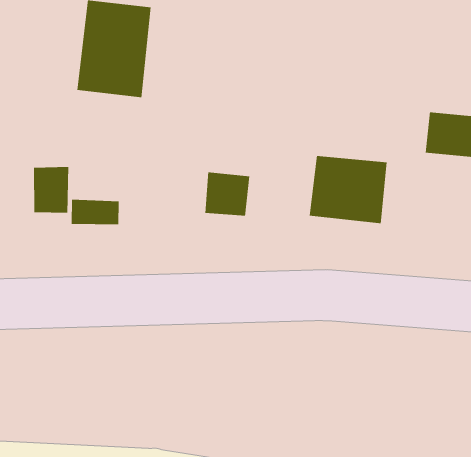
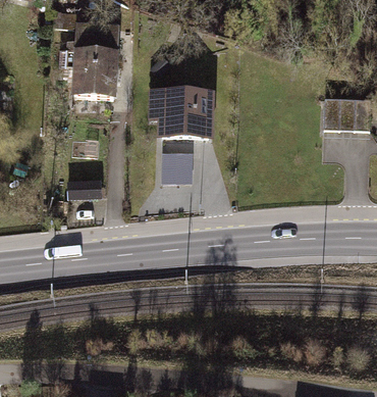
building: [309,155,387,224] -> [158,88,213,135]
building: [33,166,69,213] -> none

